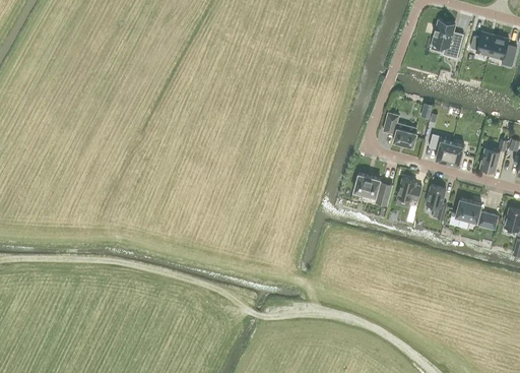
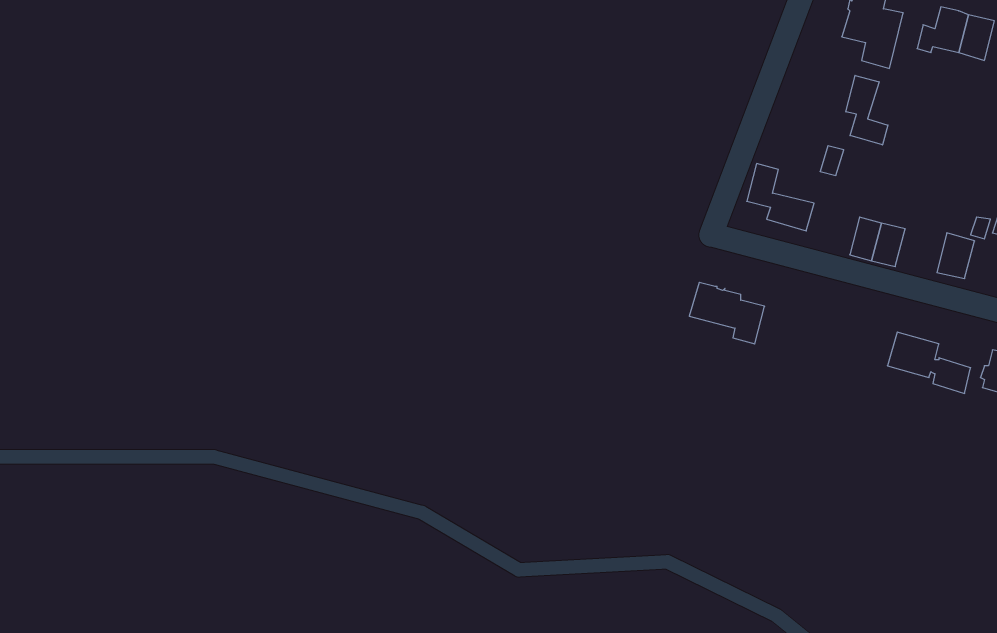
building: none -> [846,75,888,145]
building: [397,177,421,202] -> none
building: [427,185,447,219] -> none

